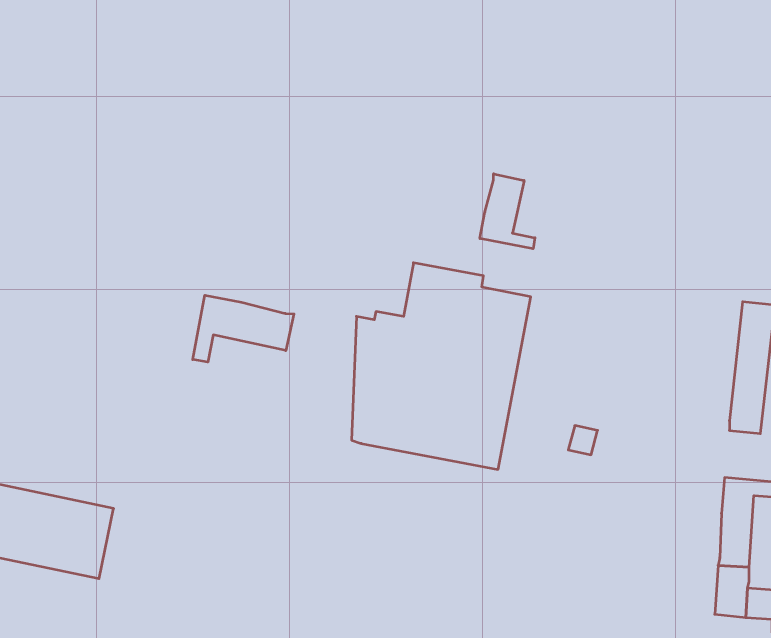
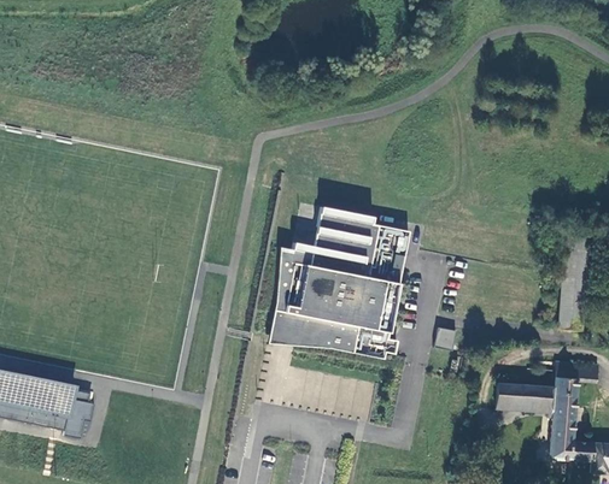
building: [480,174,535,249] -> none
building: [193,295,294,362] -> none
building: none -> [491,385,544,412]

